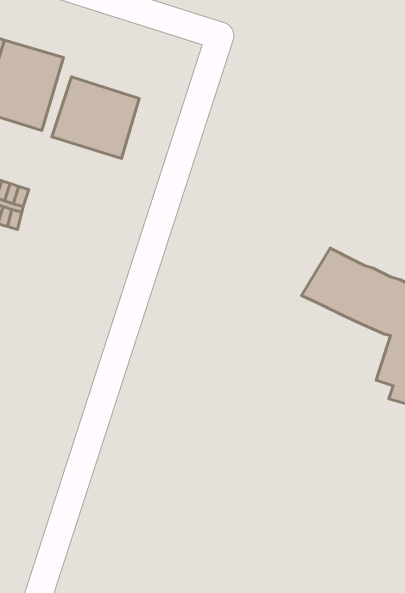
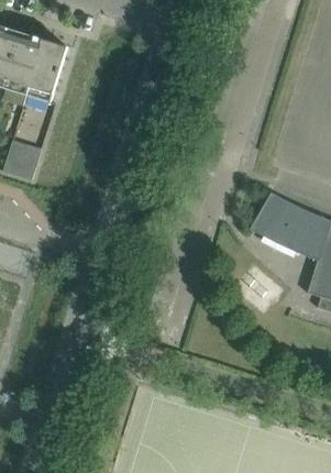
building: [52,77,139,158] -> none

